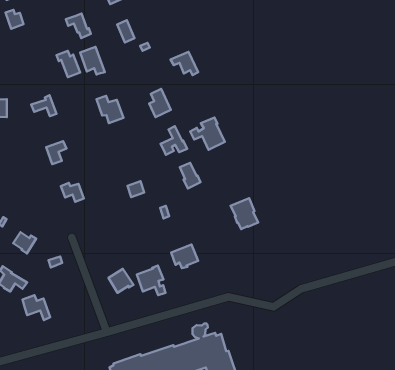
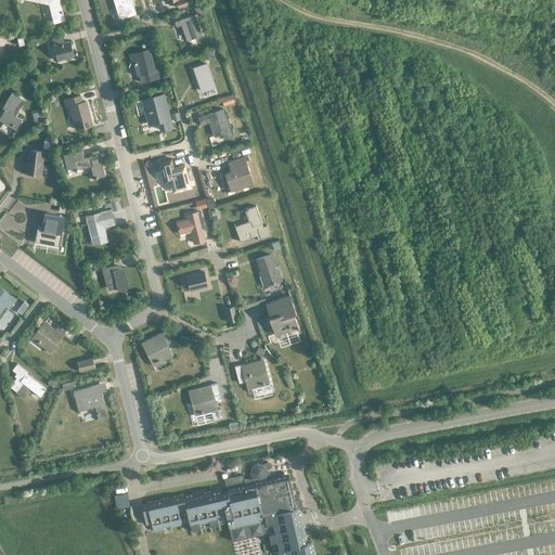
building: [57,51,80,77] -> [64,95,92,129]
building: [171,52,198,75] -> [197,109,231,140]
building: [190,117,225,150] -> none
building: none -> [177,212,204,243]
building: none -> [34,214,63,245]
building: [230,198,258,229] -> [264,296,298,335]
building: [108,269,134,293] -> [141,334,172,364]
building: [22,295,50,320] -> [73,386,106,420]

